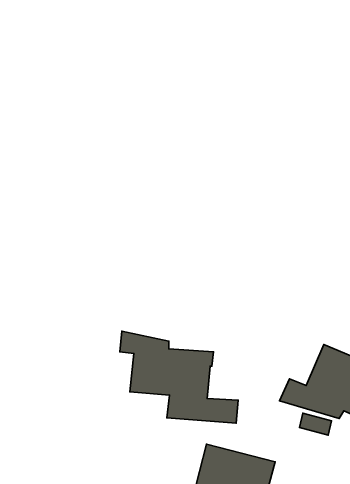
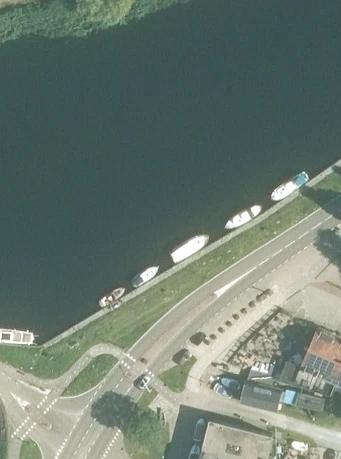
building: [120,331,238,423] -> none
building: none -> [240,382,279,409]

